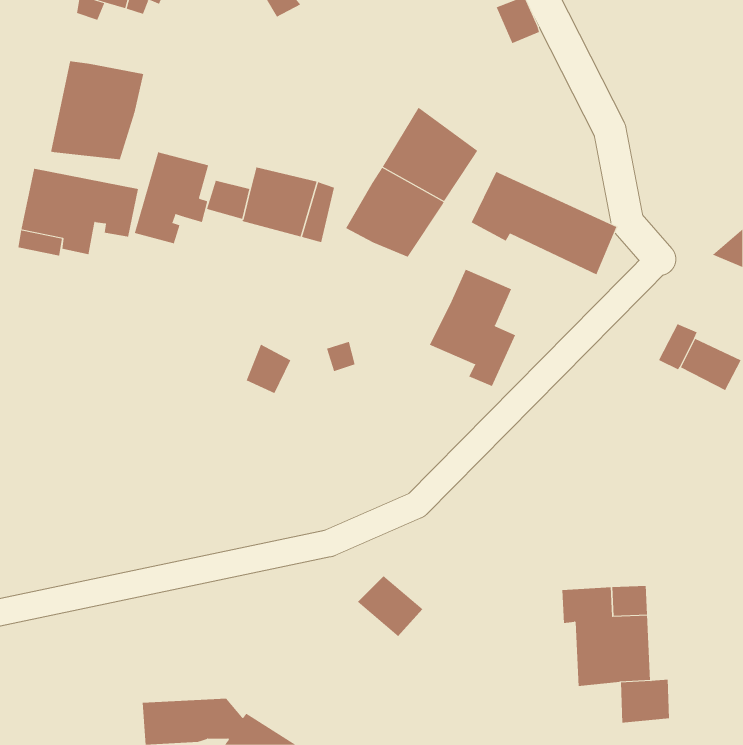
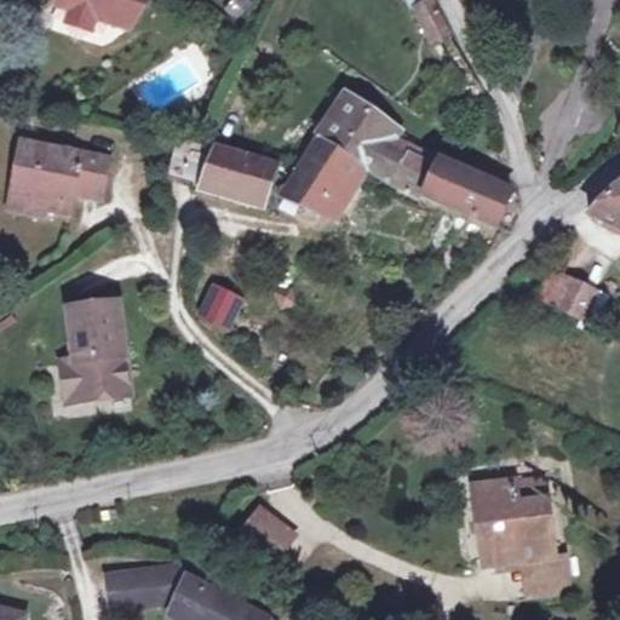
building: [50,60,144,160] -> none
building: [134,151,209,244] -> none
building: none -> [367,132,411,184]
building: [429,269,516,387] -> none
building: none -> [65,302,130,394]
building: [357,575,423,637] -> [239,506,293,557]

